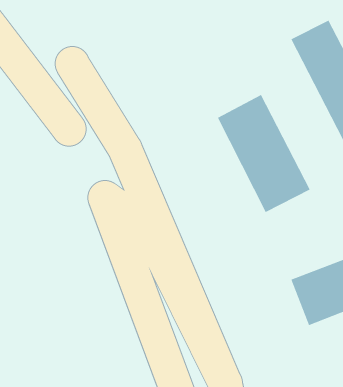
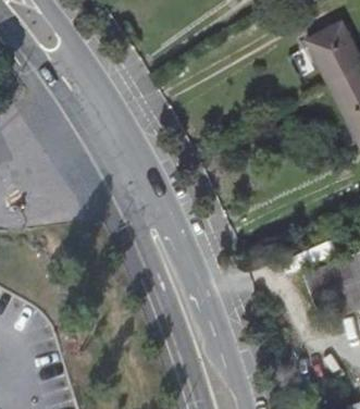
building: [217,94,311,213] -> none

